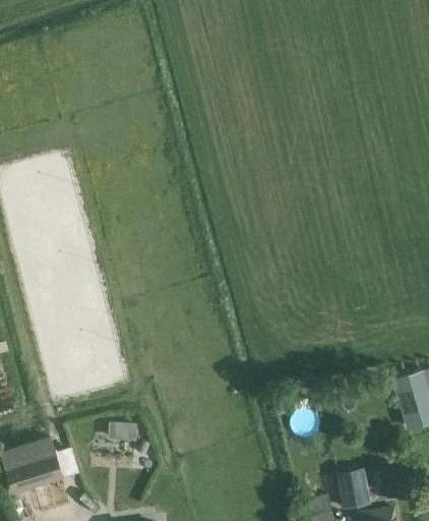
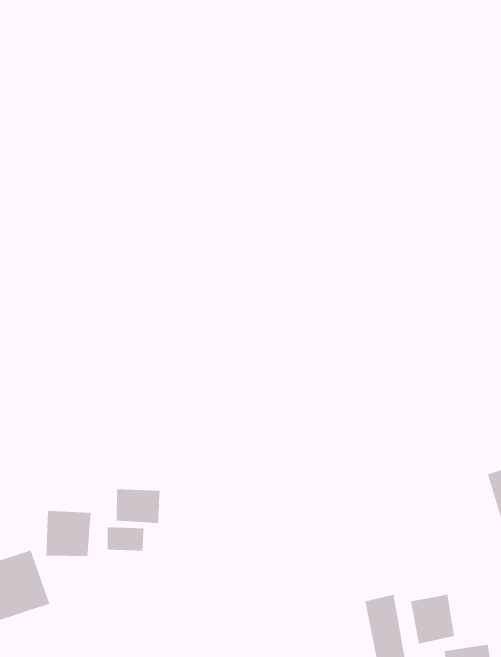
building: none -> [116,489,160,524]
building: none -> [46,510,91,557]

